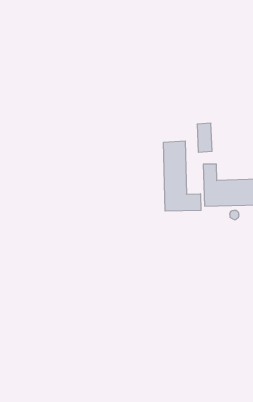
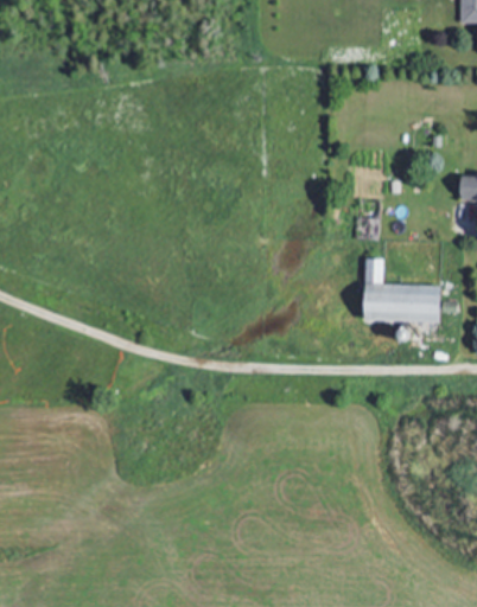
building: [164,141,201,211] -> none

